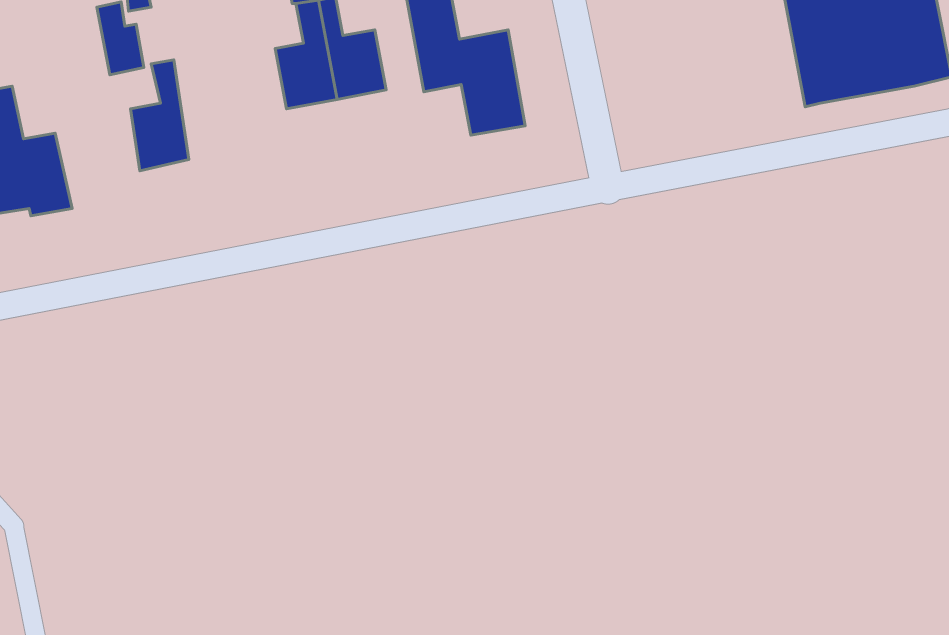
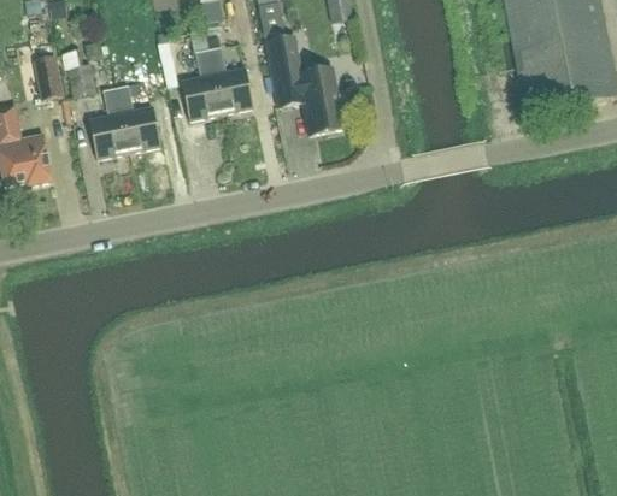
building: none -> [34,55,65,100]
building: none -> [118,83,161,149]

